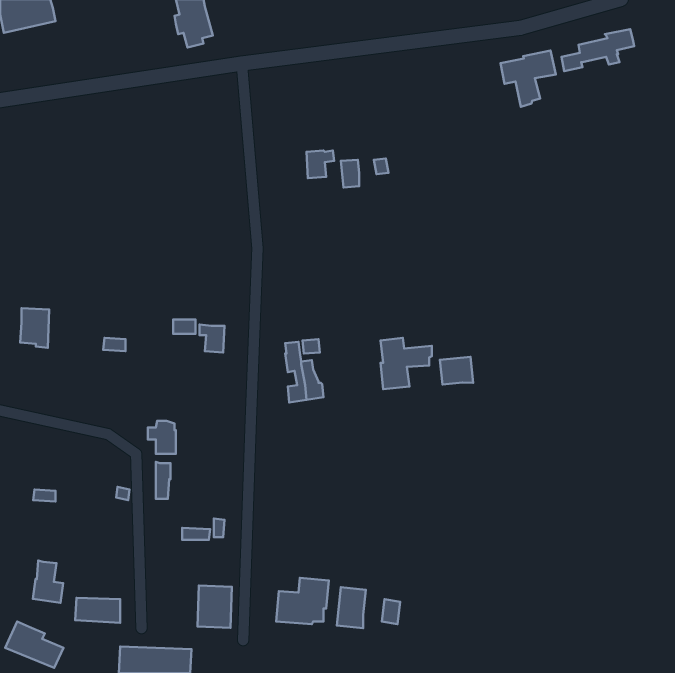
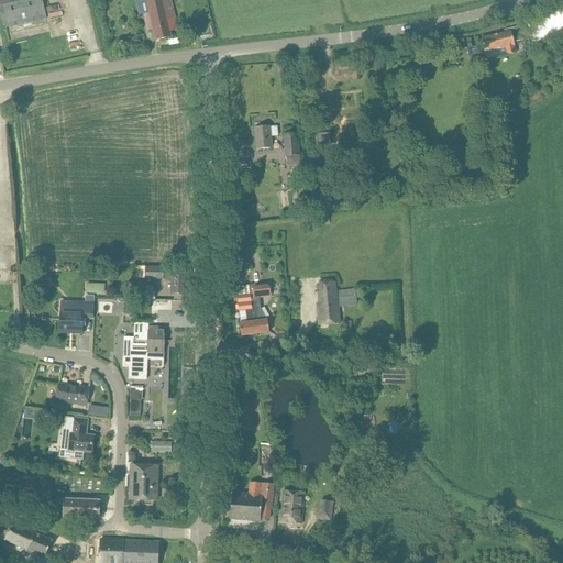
building: [501,50,556,107] -> none
building: [20,308,49,348] -> [59,300,84,333]
building: [440,357,473,385] -> none
building: none -> [131,322,165,358]
building: none -> [56,384,89,405]
building: [33,561,63,603] -> [68,417,93,452]
building: [198,586,232,628] -> [130,464,158,499]

